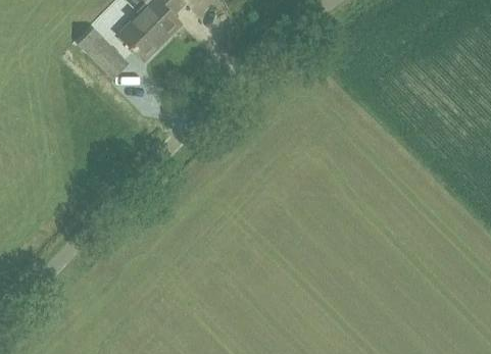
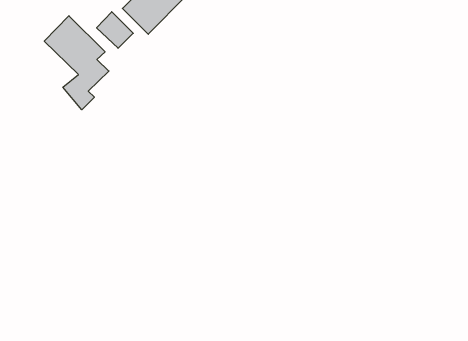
building: none -> [44,16,109,110]

